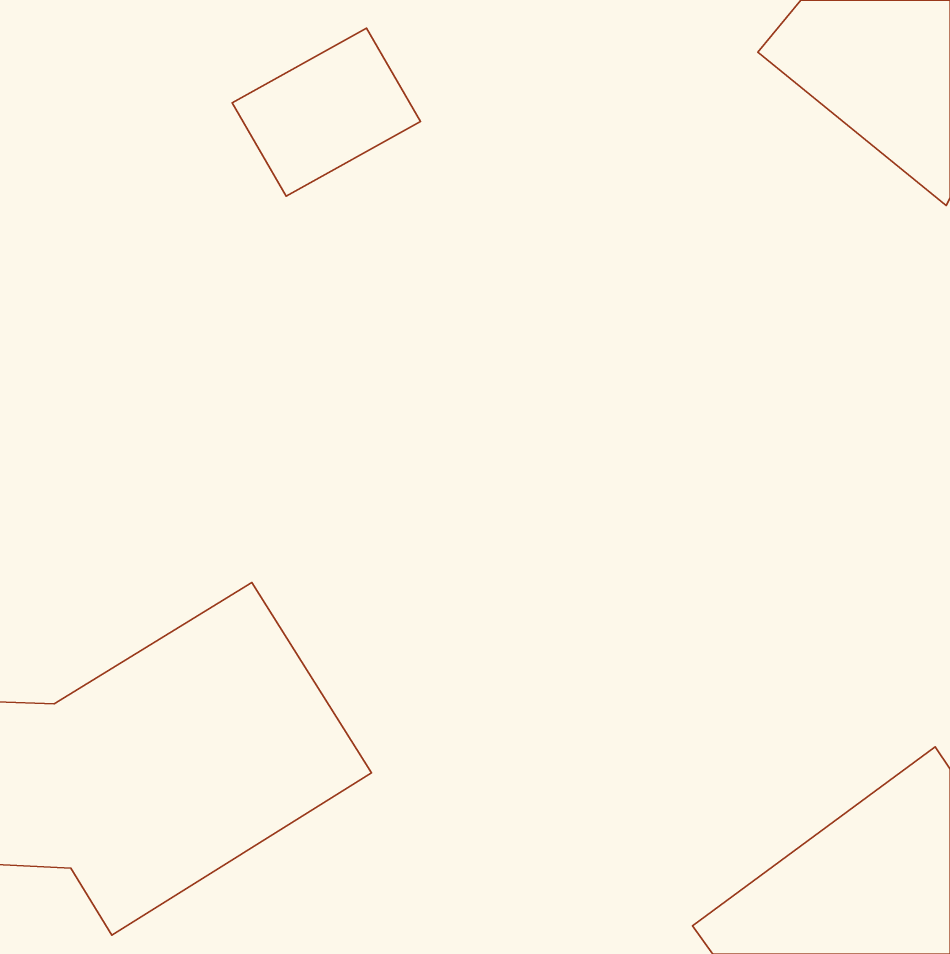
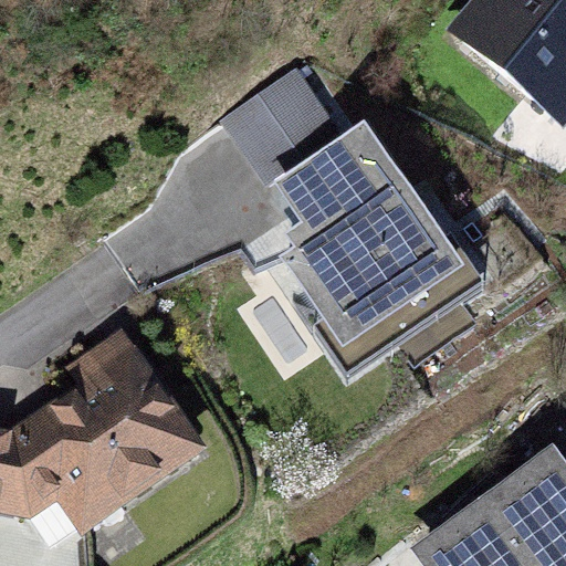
building: [232,28,421,196] -> [218,65,329,165]
building: none -> [271,118,462,343]

